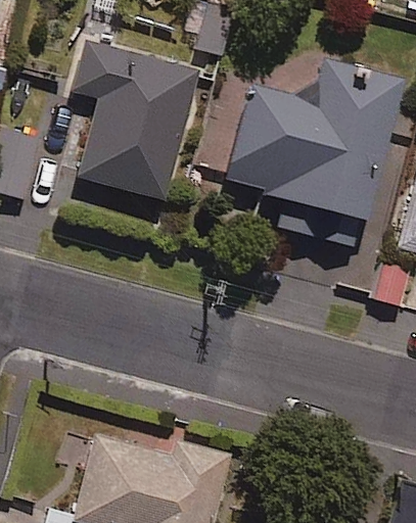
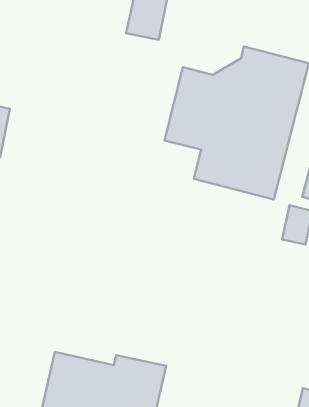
building: [72,42,199,200] -> none

